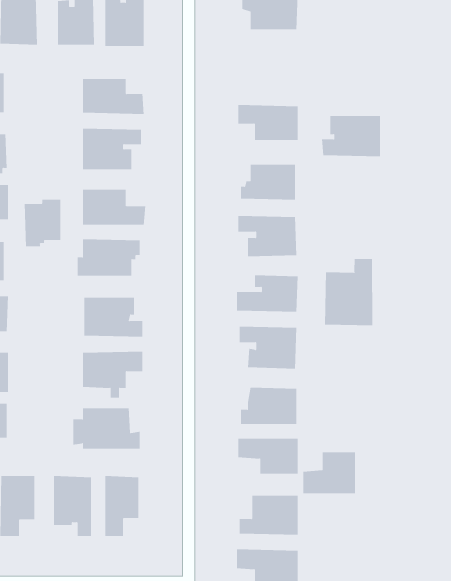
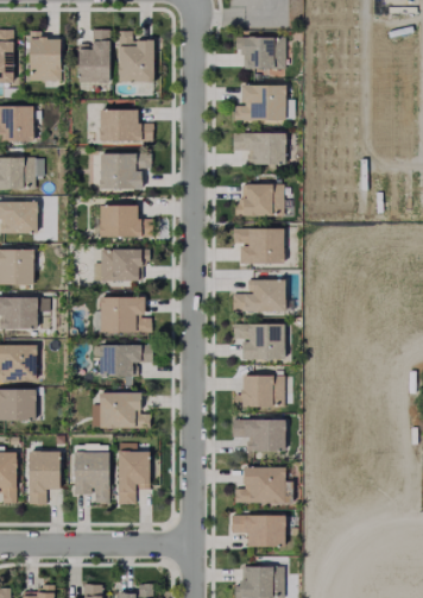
building: [321,115,381,157] -> [233,86,284,121]
building: [24,199,61,247] -> none
building: [324,258,373,326] -> none
building: [303,451,356,494] -> none

